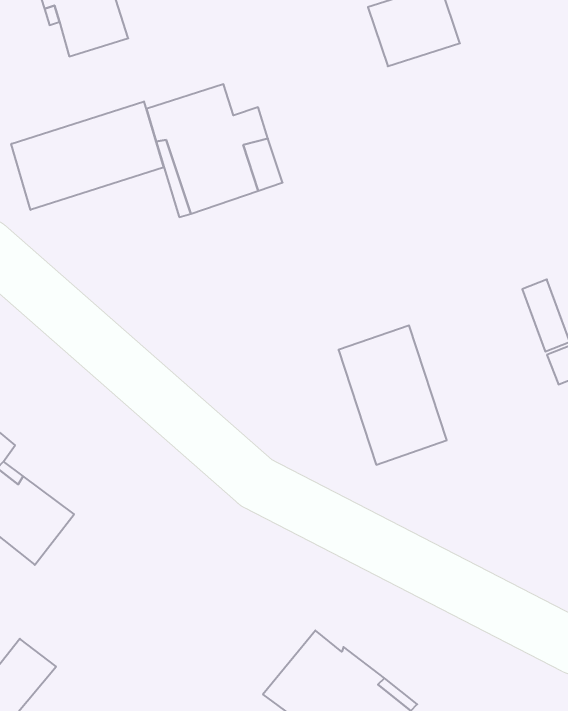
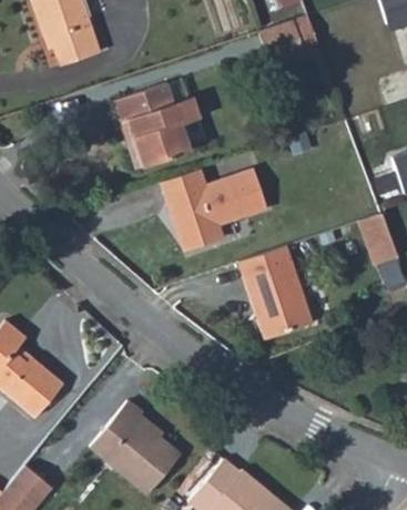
building: [11,101,163,210] -> none
building: none -> [161,171,267,251]
building: none -> [87,396,180,489]

